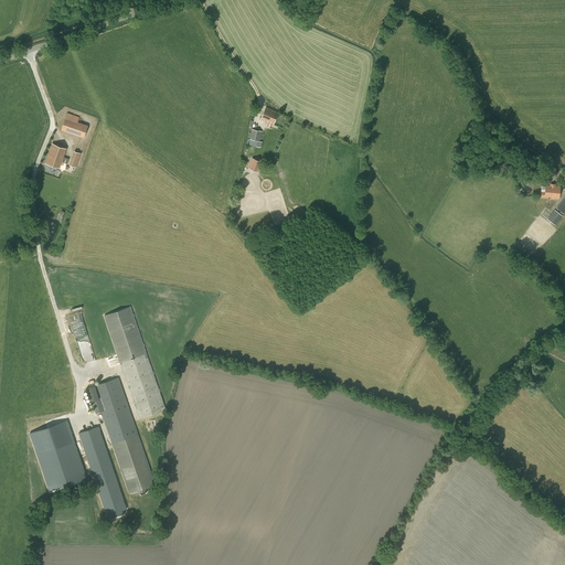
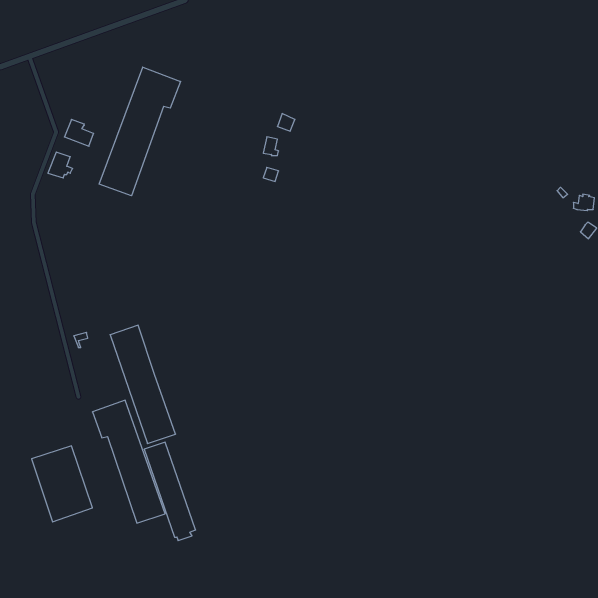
building: none -> [99,67,181,196]
building: [78,426,127,519] -> [144,442,196,541]

